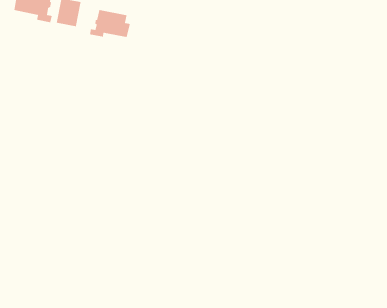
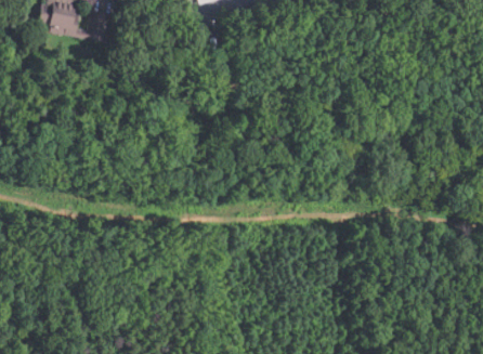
building: [89,9,131,38] -> none

